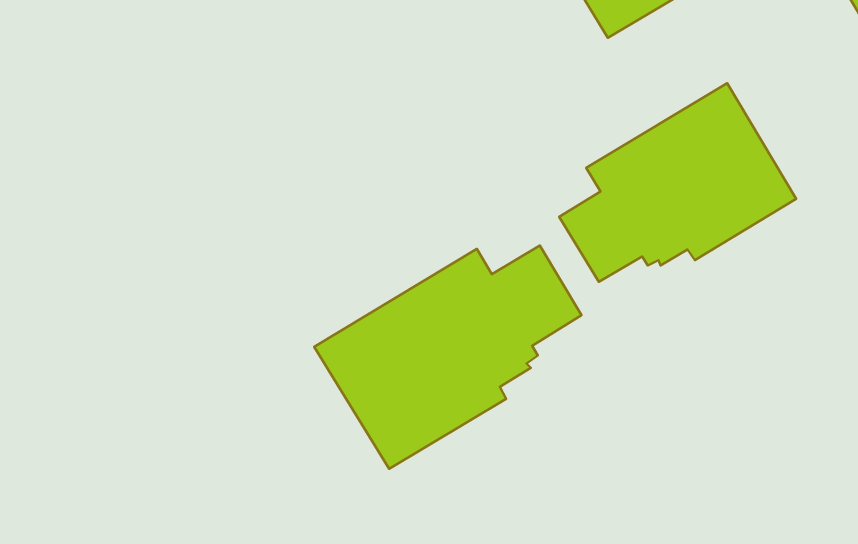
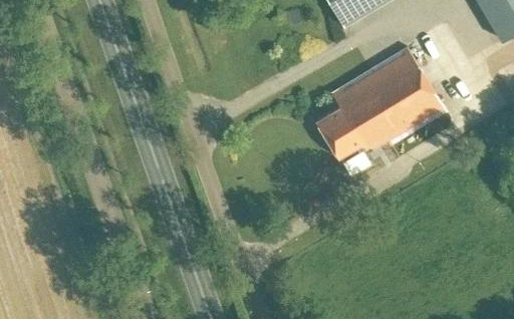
building: [314,246,581,469] -> none

